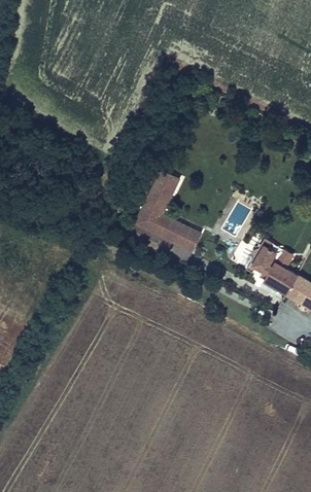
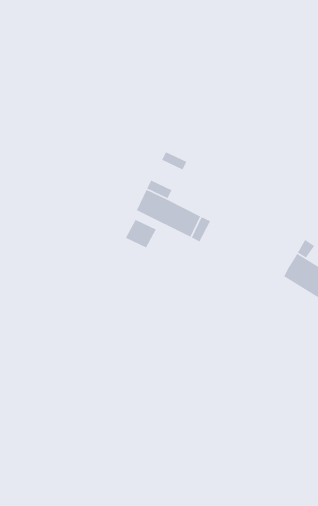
building: [146,178,175,205] -> [125,219,157,248]
building: [251,243,278,275] -> none

